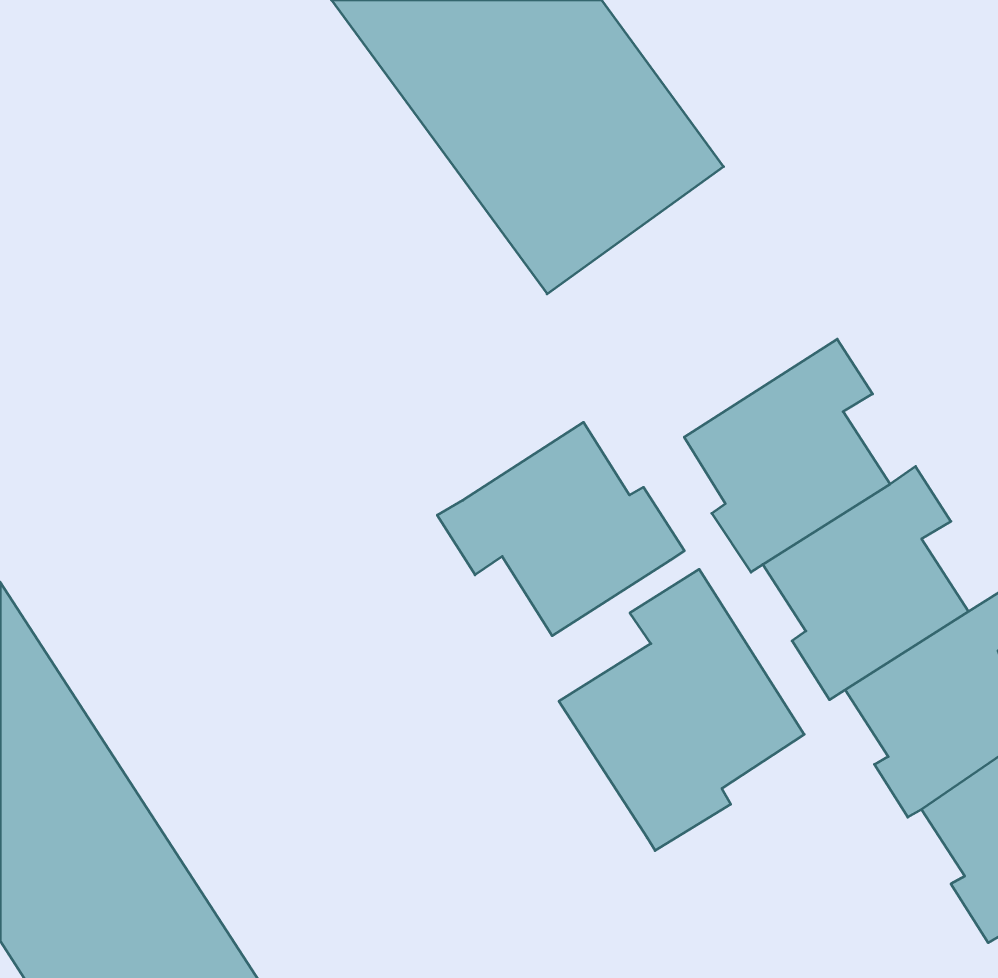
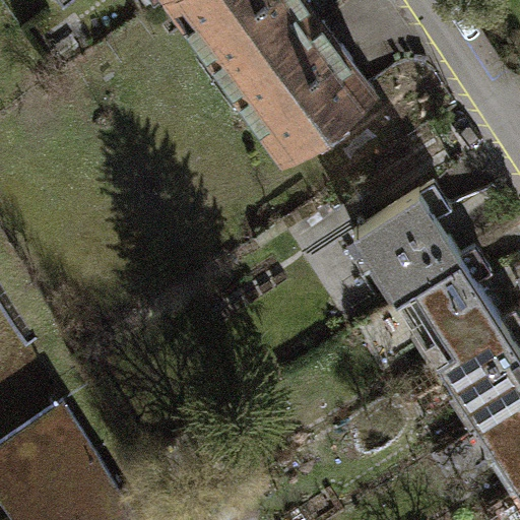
building: [437,422,684,636] -> none
building: [559,569,804,851] -> none

